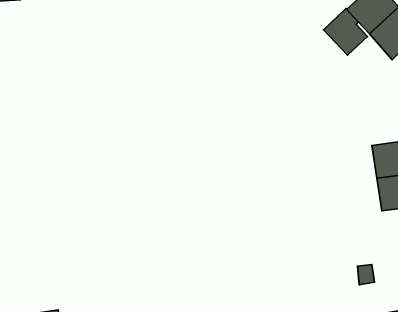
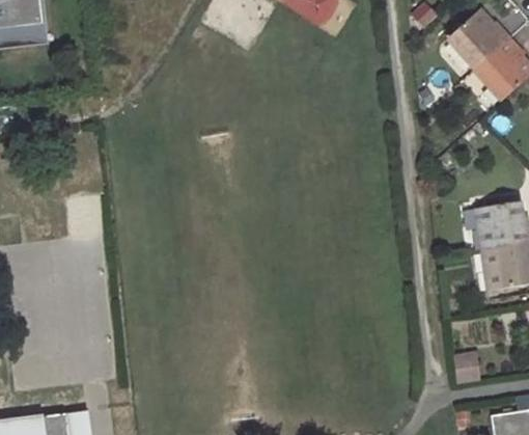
building: [324,9,368,55] -> none

